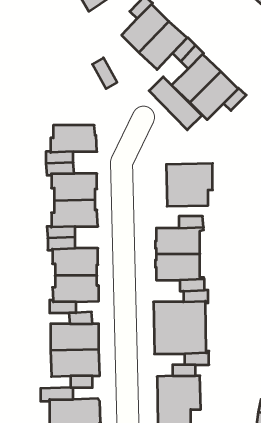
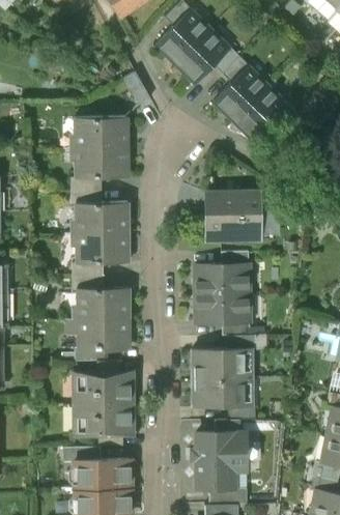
building: [149,77,202,130] -> none
building: none -> [75,117,128,147]

